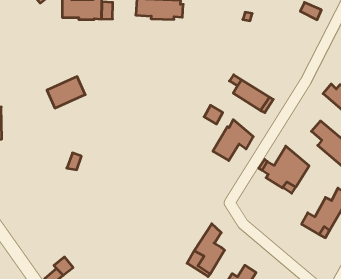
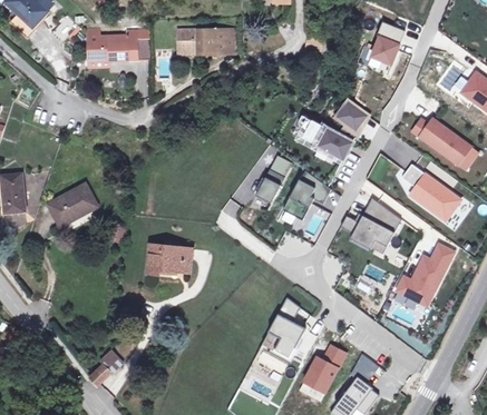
building: none -> [369,32,399,65]
building: none -> [338,101,367,131]
building: [47,77,85,108] -> [49,185,96,225]
building: none -> [255,168,284,202]
building: none -> [143,241,192,276]

